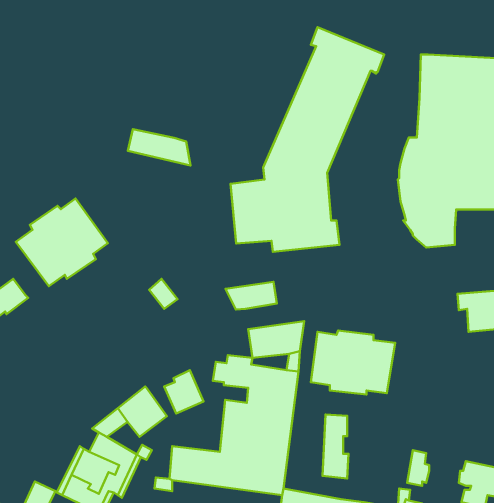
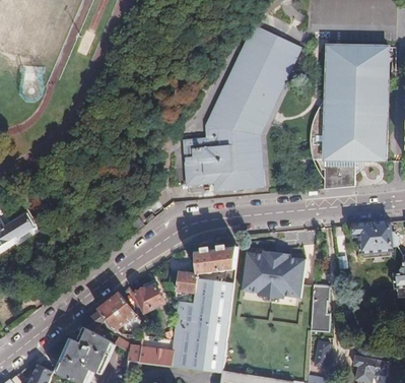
building: [128,129,190,166] -> none
building: [16,198,108,286] -> none
building: [226,282,277,309] -> none
building: [323,414,348,478] -> [311,283,330,331]

